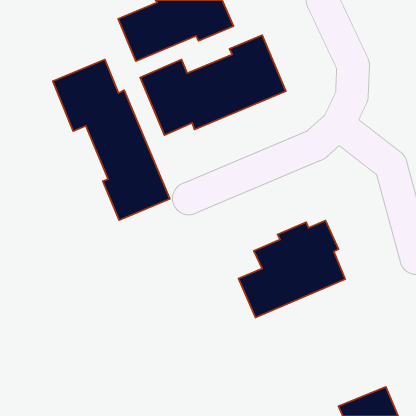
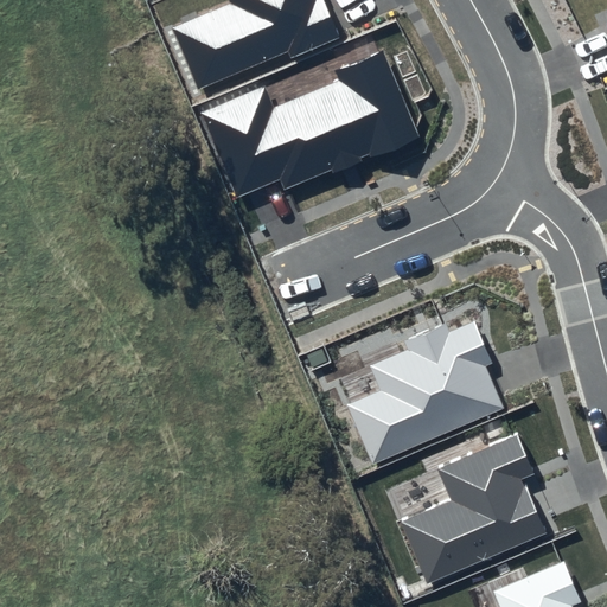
building: [53,60,170,220] -> none
building: none -> [401,433,543,582]

